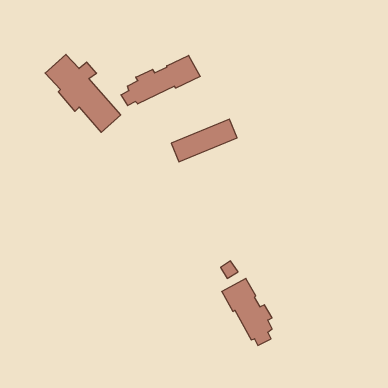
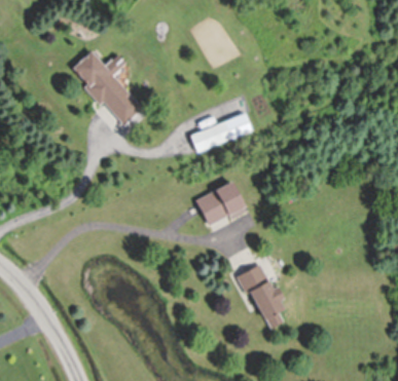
building: [121,55,200,106] -> none
building: none -> [195,184,247,224]

